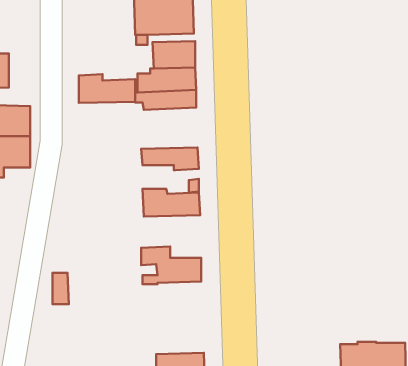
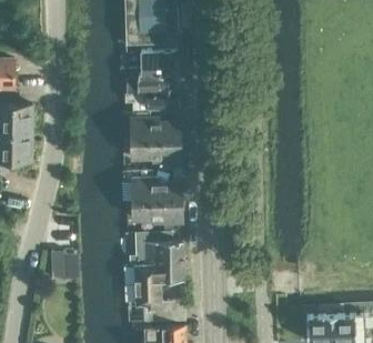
building: [79,74,135,103] -> [130,118,180,143]
building: none -> [132,202,182,222]
building: none -> [133,261,185,320]

